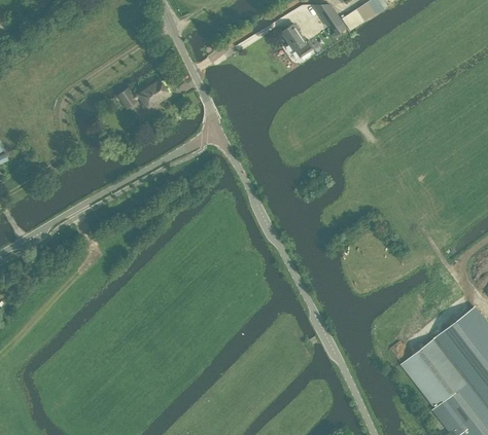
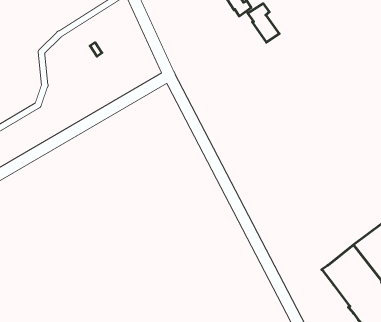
building: none -> [248,4,279,42]
building: [137,78,171,110] -> none

